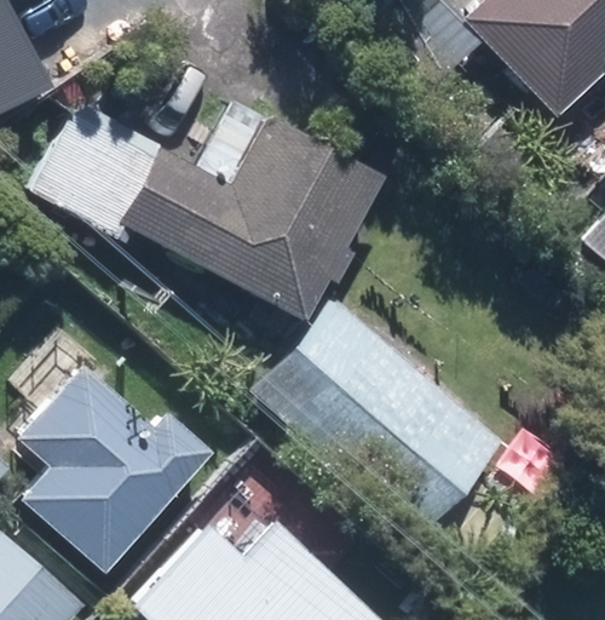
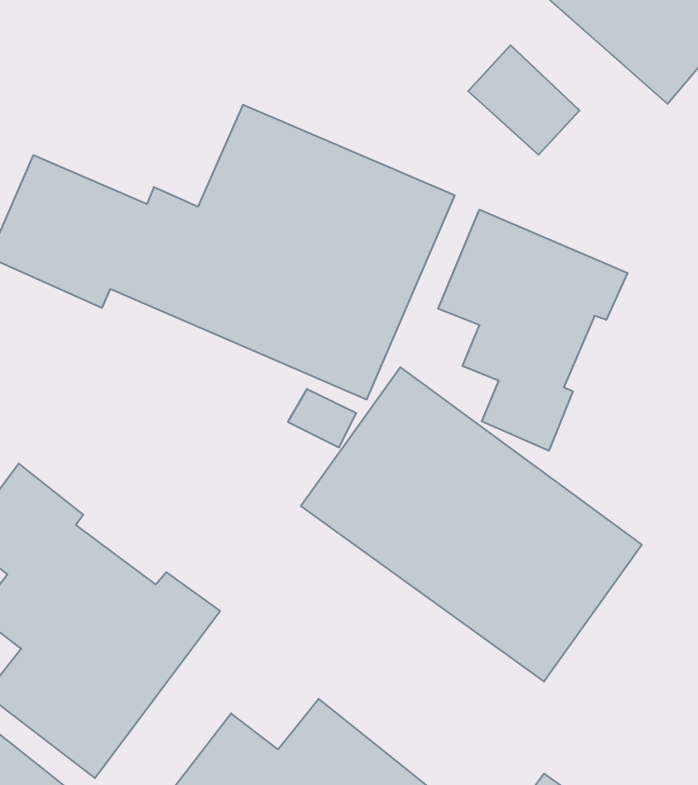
building: none -> [438,210,628,451]

